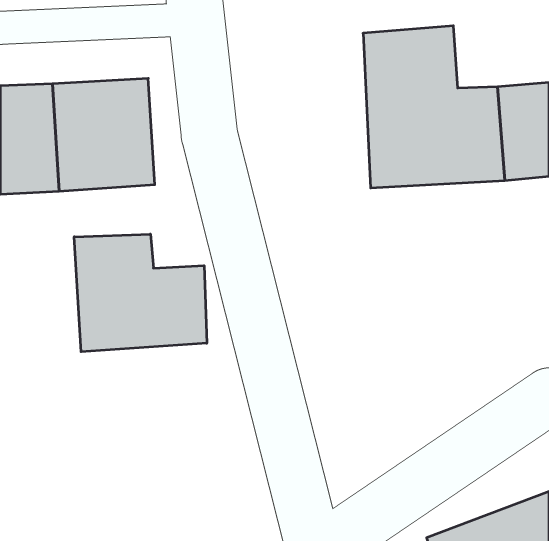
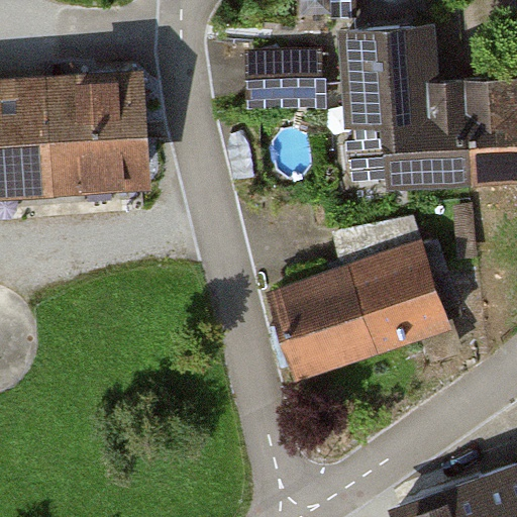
building: none -> [252,47,327,110]
building: none -> [275,221,448,375]
building: [74,234,207,352] -> none

